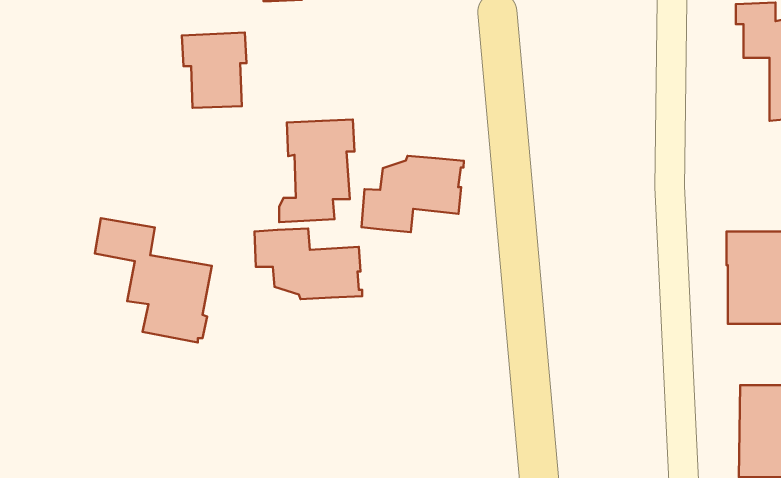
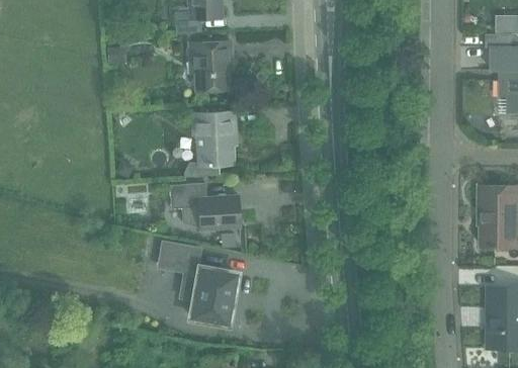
building: [182,32,246,108] -> [188,40,231,90]
building: [361,156,464,232] -> none
building: [95,218,212,343] -> [159,243,236,325]

